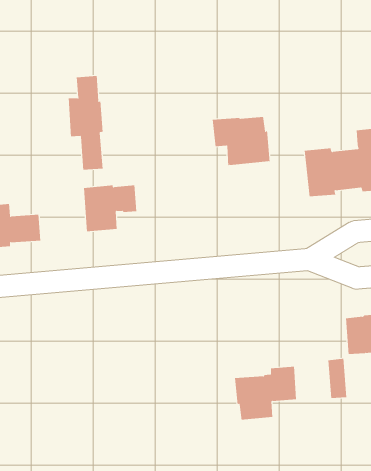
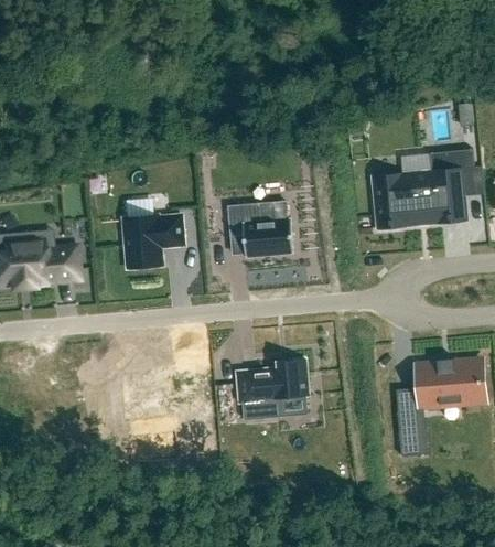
building: [68,75,103,171] -> none
building: [212,117,271,166] -> [227,202,293,258]
building: [234,366,297,420] -> [237,358,308,419]

